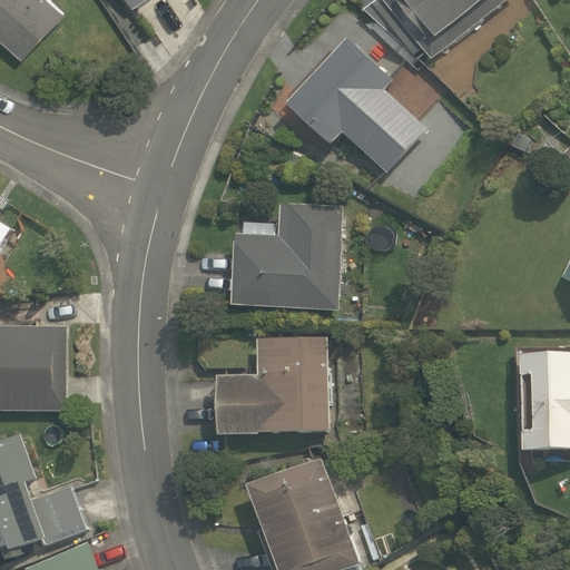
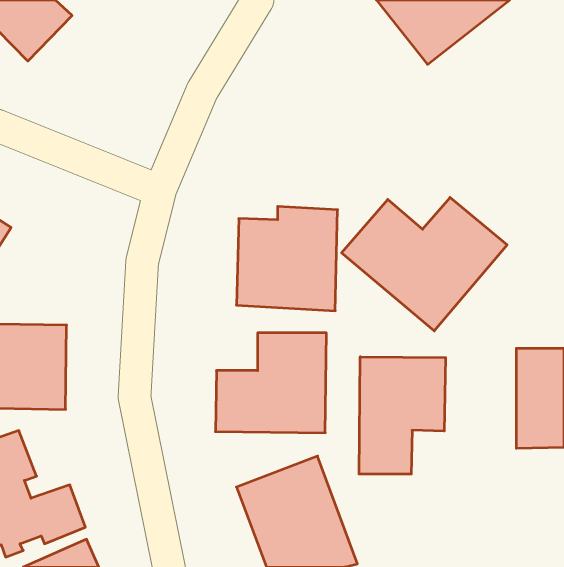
building: [289,35,425,169] -> none
building: none -> [342,197,507,331]
building: none -> [359,357,446,474]

